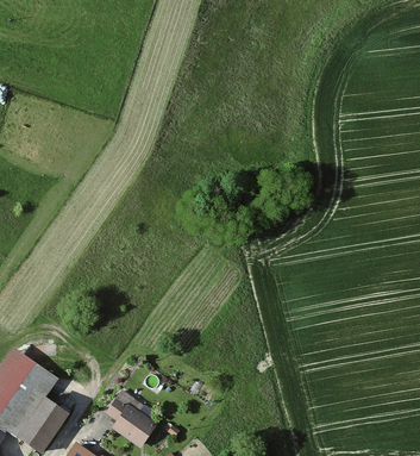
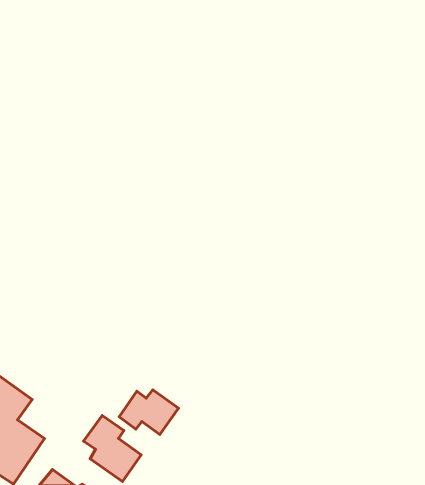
building: none -> [119,390,179,434]

